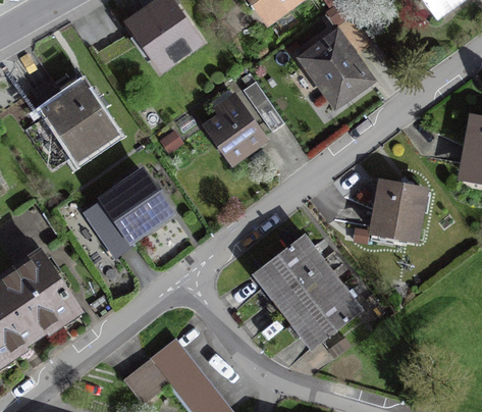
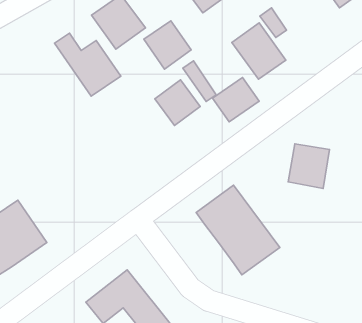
building: none -> [144,21,191,69]
building: [31,79,112,156] -> [55,33,121,96]
building: none -> [213,78,259,122]
building: [86,175,165,249] -> none

